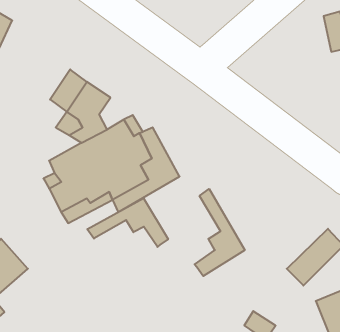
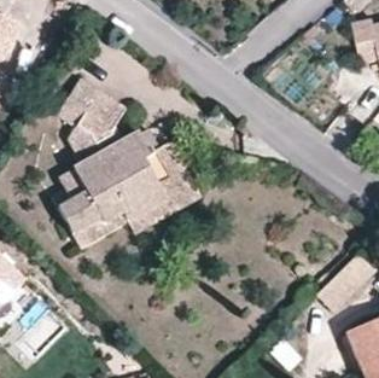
building: [195,189,245,276] -> none
building: [87,198,168,247] -> none

